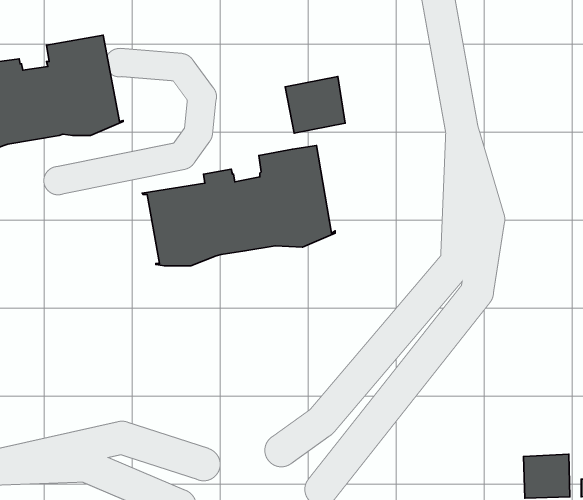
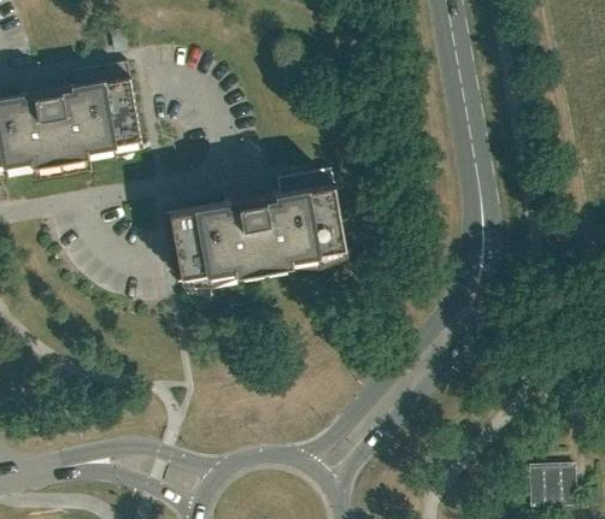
building: [285,77,345,133] -> none

